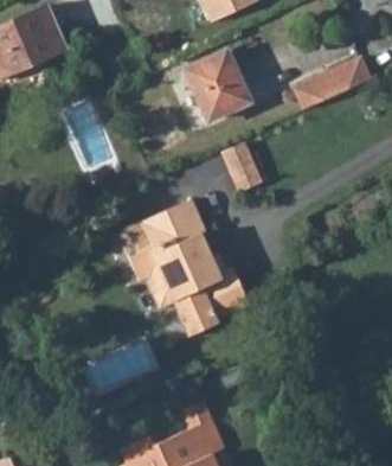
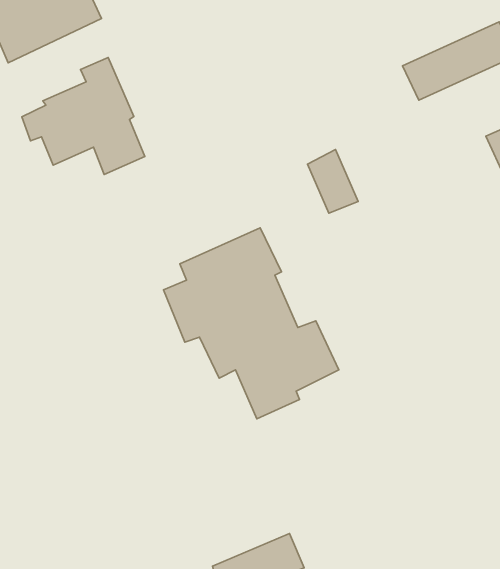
building: [188,46,252,115] -> none
building: none -> [22,57,145,174]

